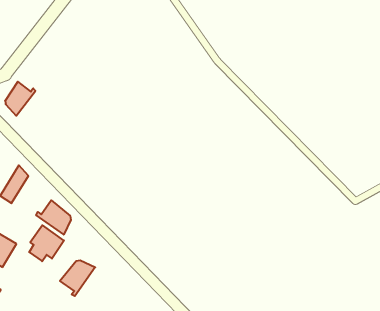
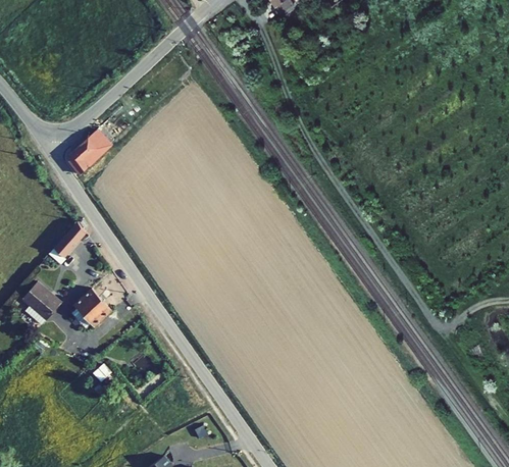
building: [36,200,71,235] -> none
building: [60,260,95,296] -> none

